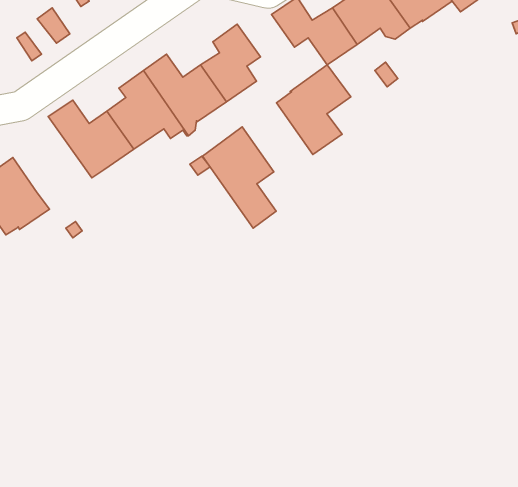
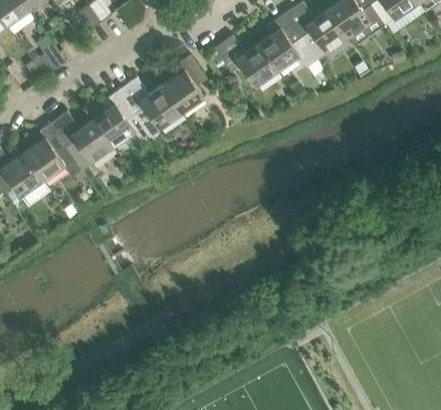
building: [276,65,351,155] -> none
building: none -> [23,124,85,181]
building: [203,127,276,228] -> none

